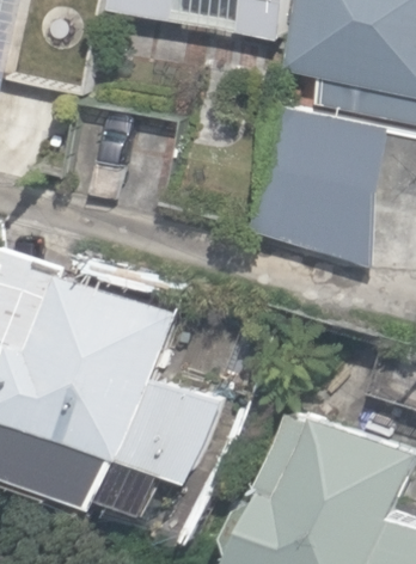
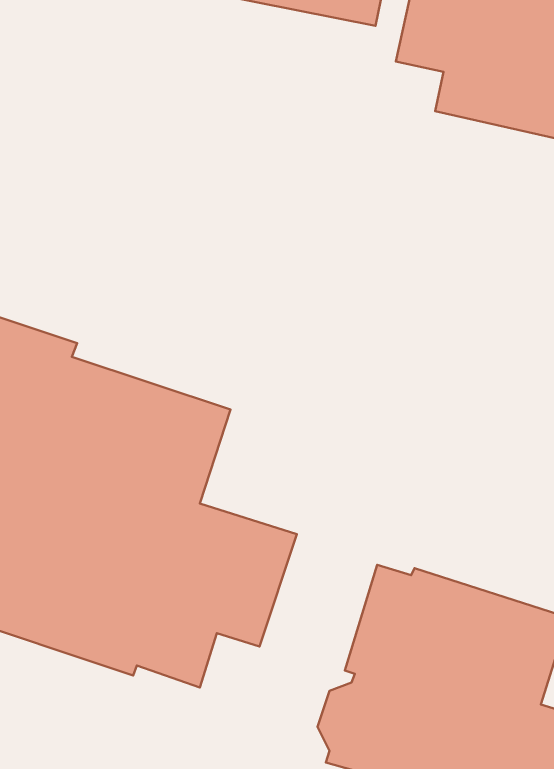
building: [243,97,389,260] -> none

